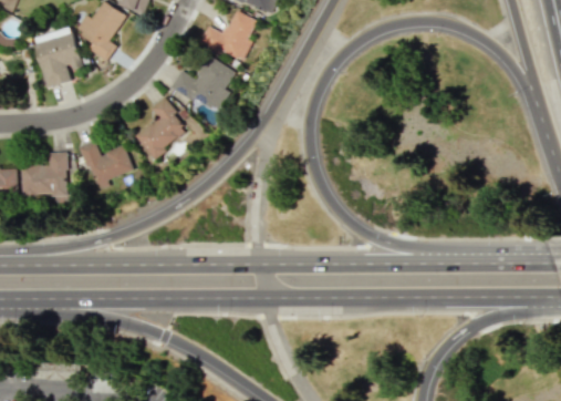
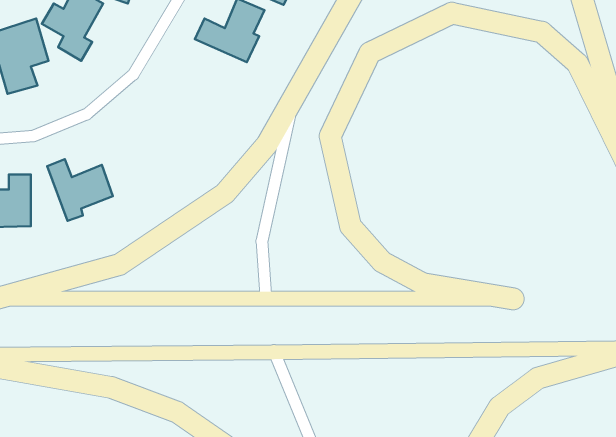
building: [169,55,236,113] -> none
building: [134,97,184,158] -> none

